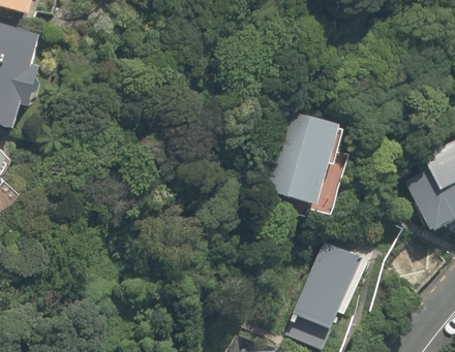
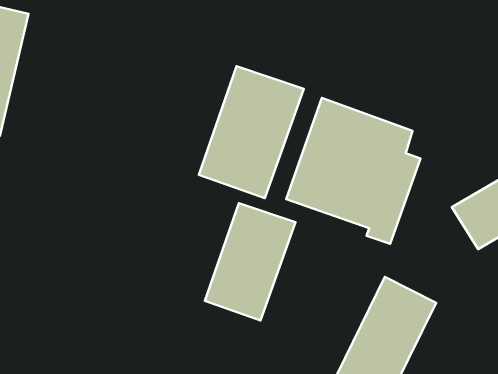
building: none -> [199,66,304,198]
building: none -> [205,203,295,321]

